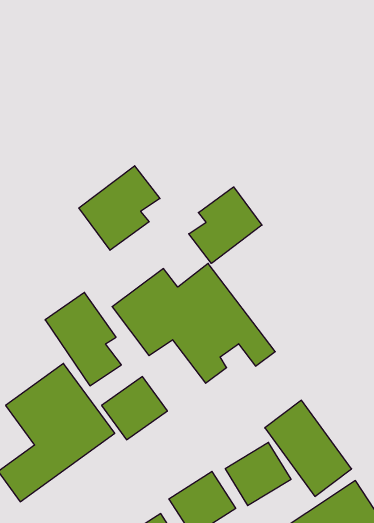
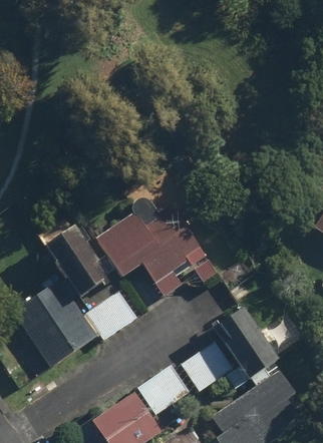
building: [79,166,160,250] -> none
building: [189,187,262,263] -> none

